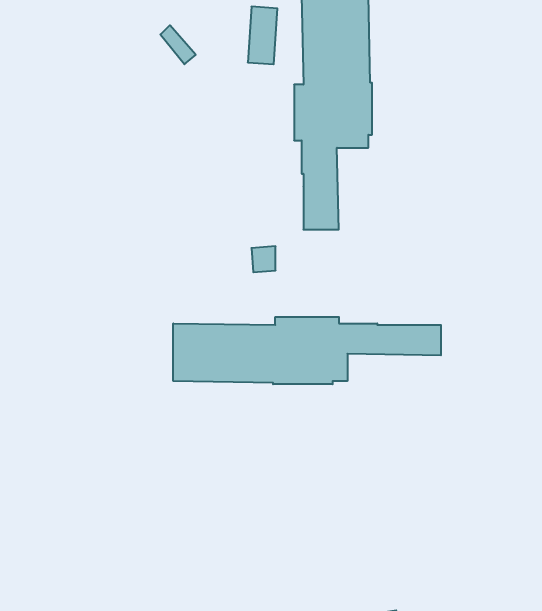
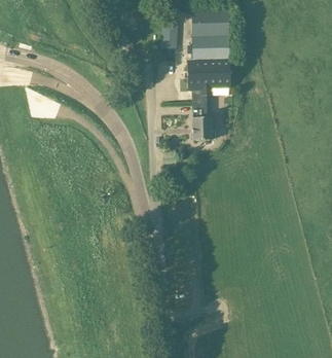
building: [173,317,441,384] -> none

